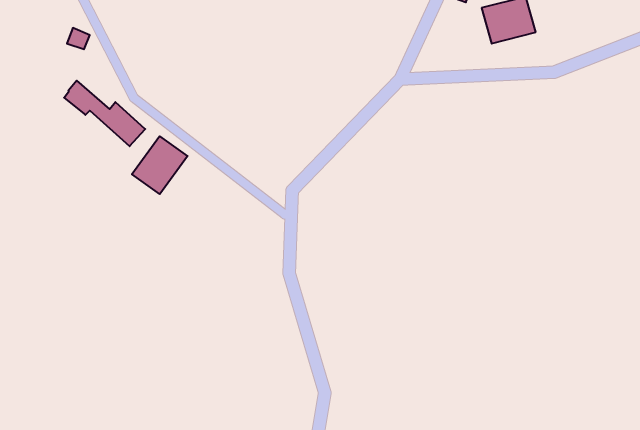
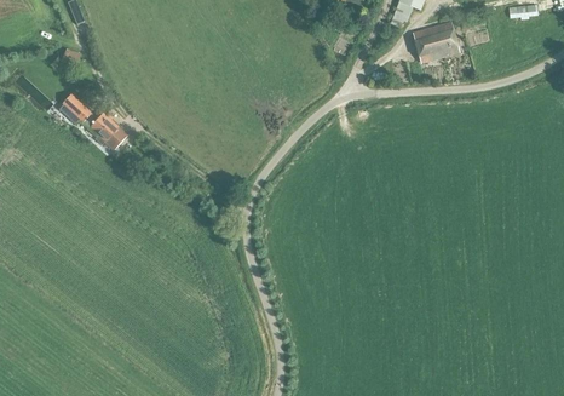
building: [132,136,188,194] -> none

